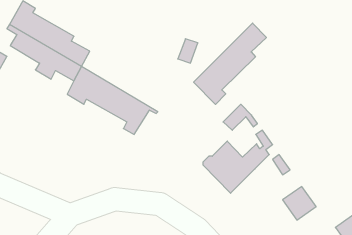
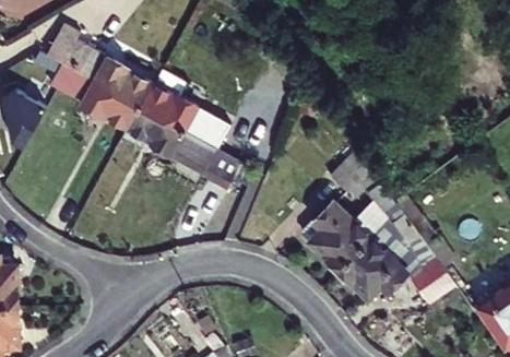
building: [194,23,266,104] -> none
building: none -> [144,83,238,150]
building: none -> [339,236,403,296]

